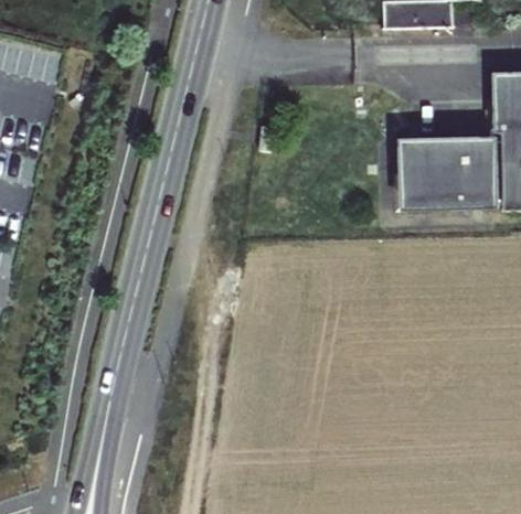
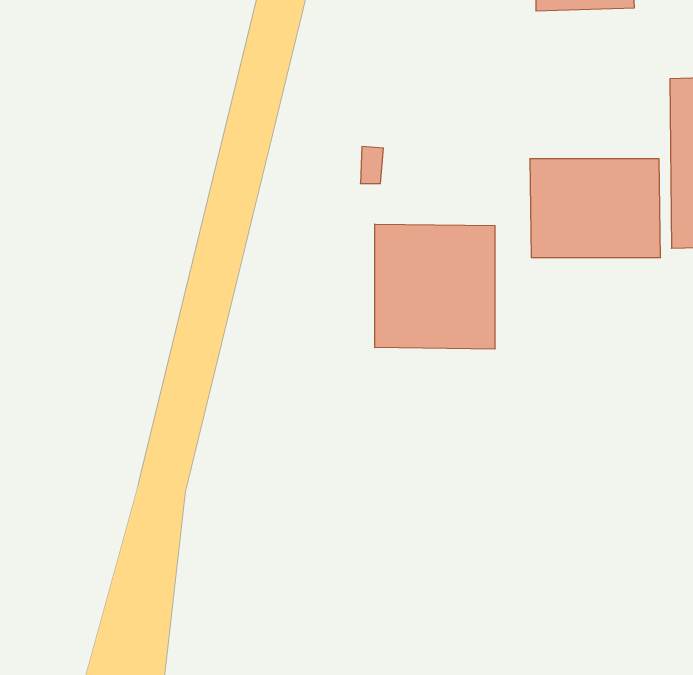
building: none -> [375,224,495,349]

